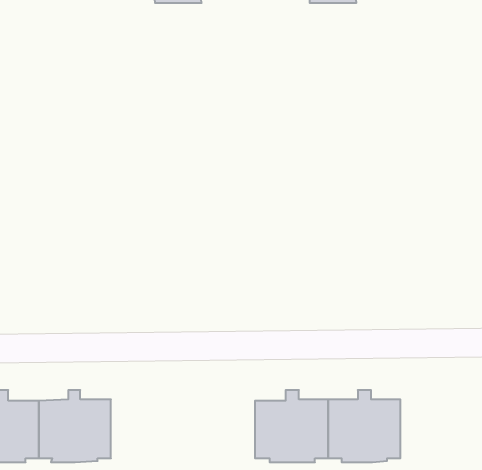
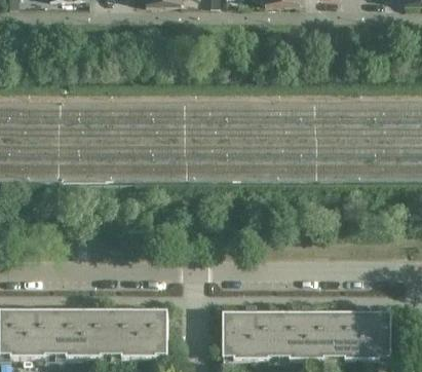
building: none -> [110,303,166,358]
building: none -> [333,303,389,359]

